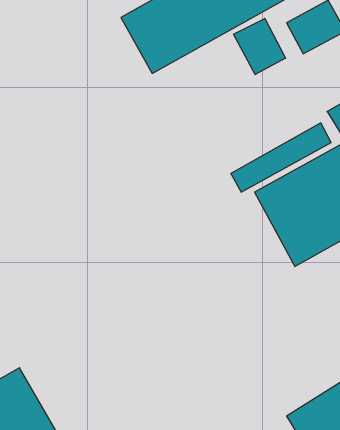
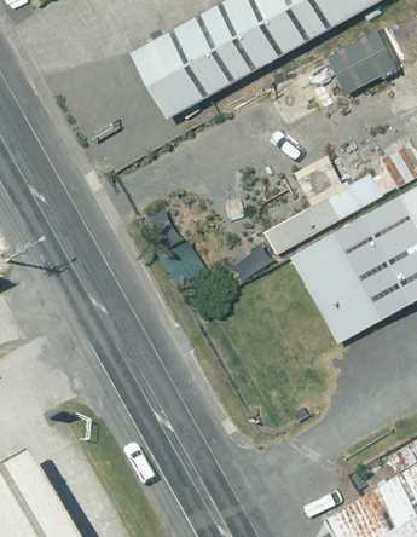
building: [234,18,286,75] -> none

